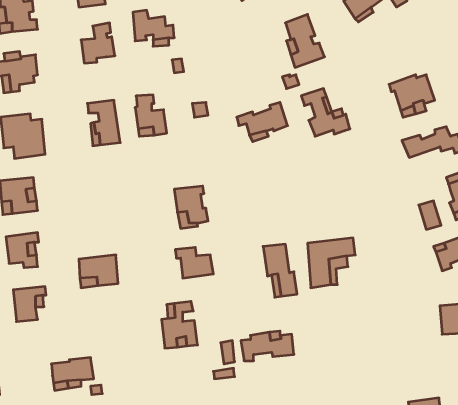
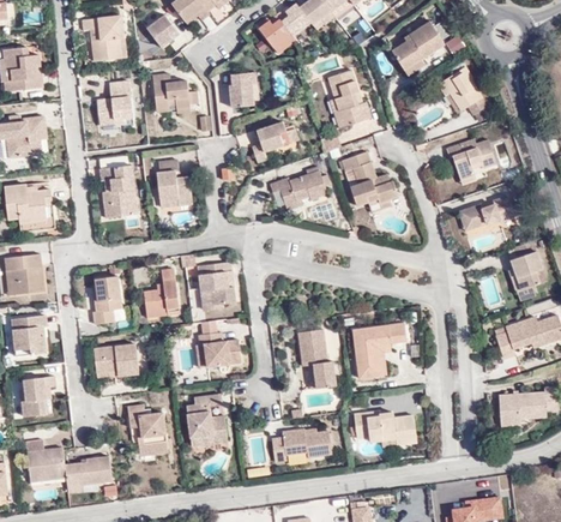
building: none -> [438,67,488,115]
building: none -> [228,72,255,107]
building: none -> [253,122,301,164]
building: none -> [140,266,179,316]
building: none -> [90,275,120,323]
building: none -> [127,406,168,455]
building: none -> [356,410,420,445]
building: none -> [22,439,62,481]

